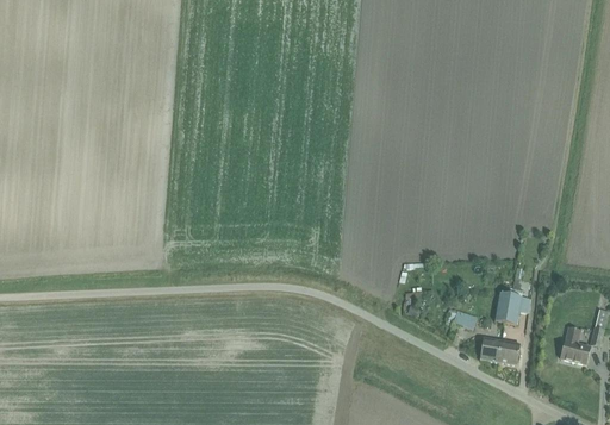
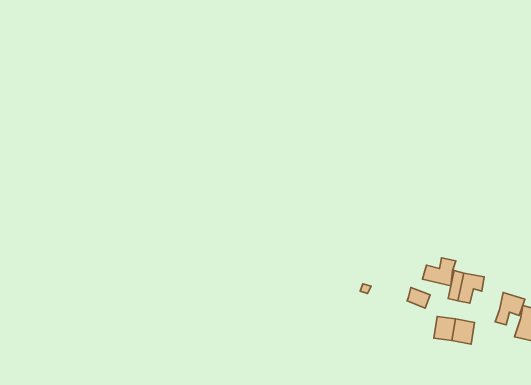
building: none -> [422,258,456,286]
building: none -> [495,292,525,325]

